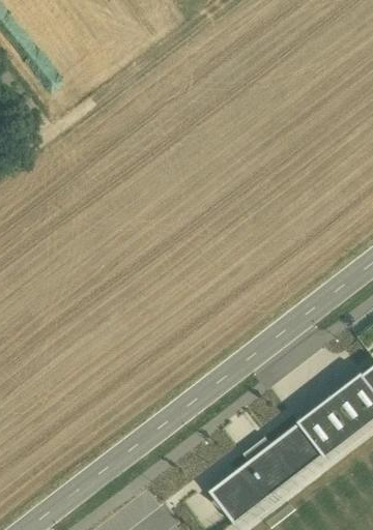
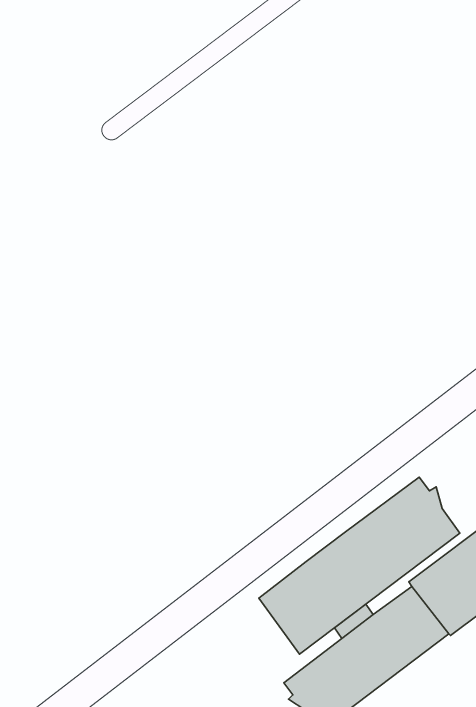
building: none -> [259,477,460,654]

